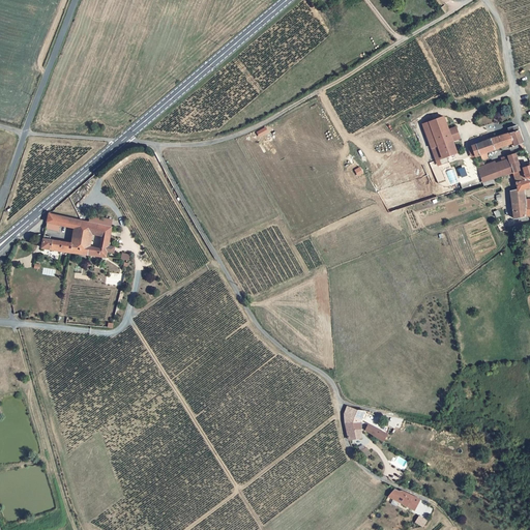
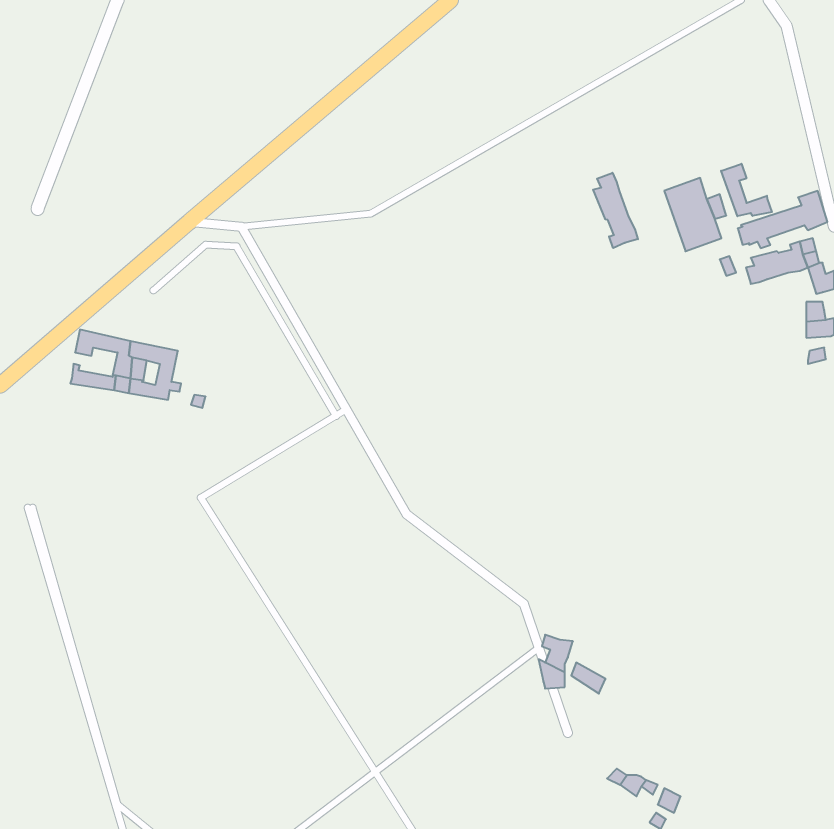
building: none -> [721,164,772,216]
building: none -> [593,173,638,248]

